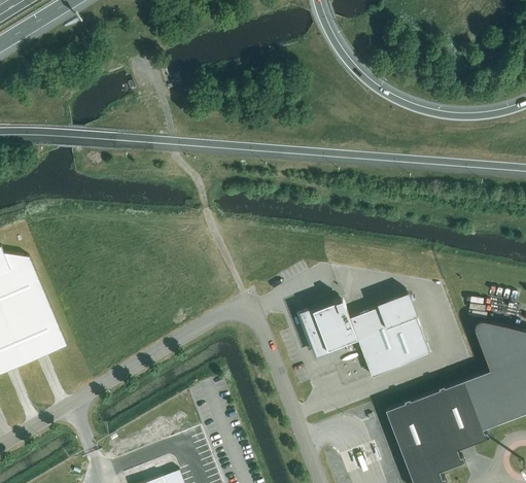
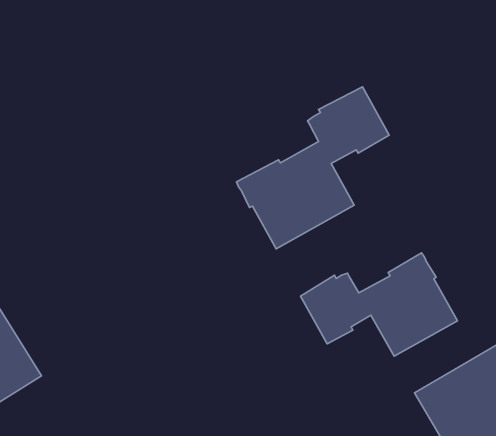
building: none -> [237,87,389,249]

